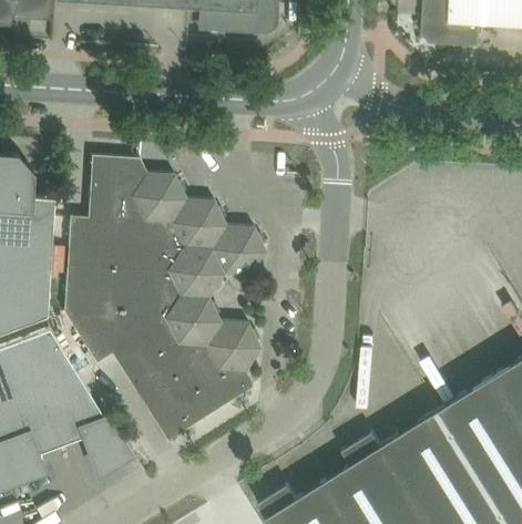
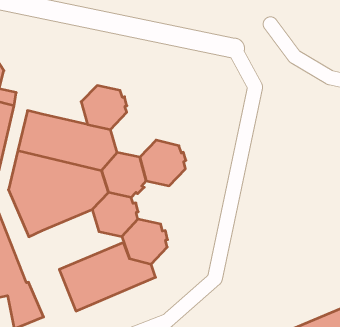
building: [88,154,146,219] -> none
building: [171,197,226,247] -> none
building: [111,318,208,394] -> none

